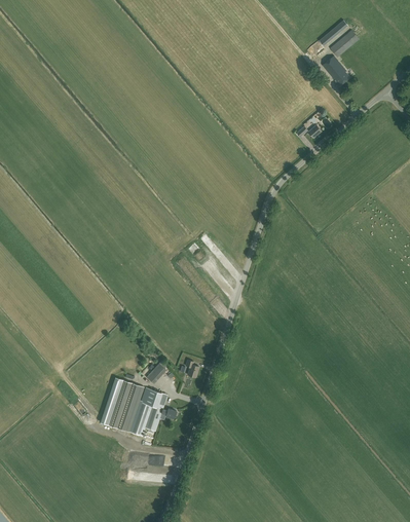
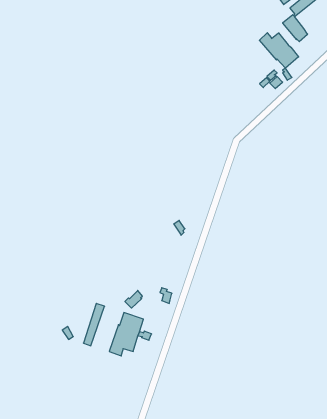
building: none -> [259,33,299,68]
building: [109,380,144,431] -> none

